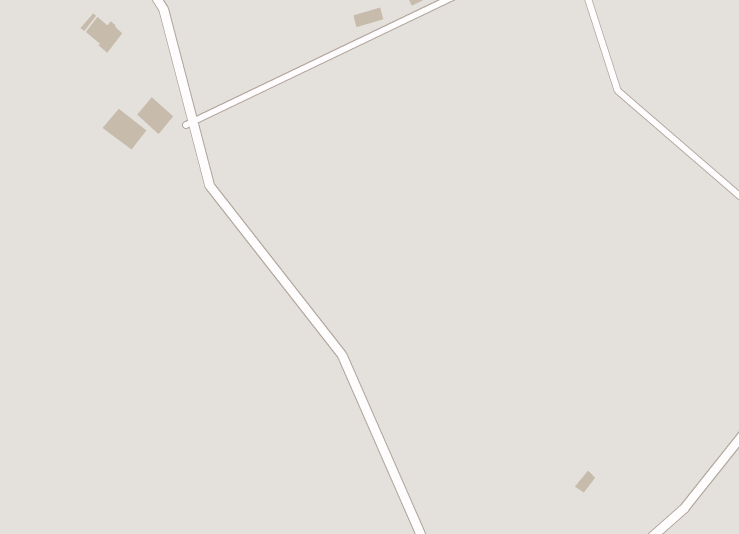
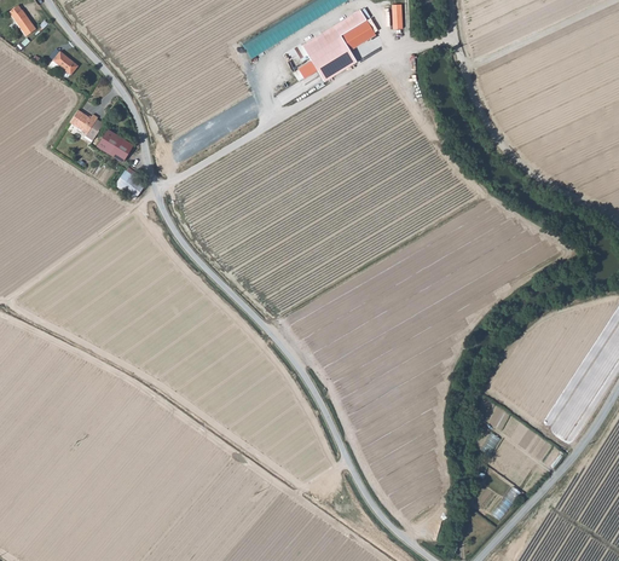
building: [101,108,147,151] -> [97,128,133,161]

